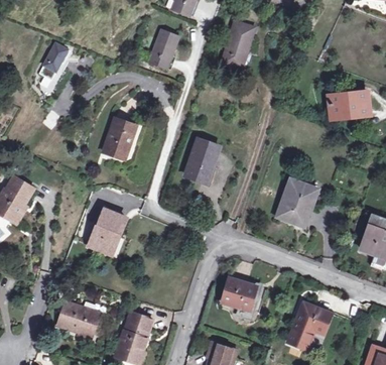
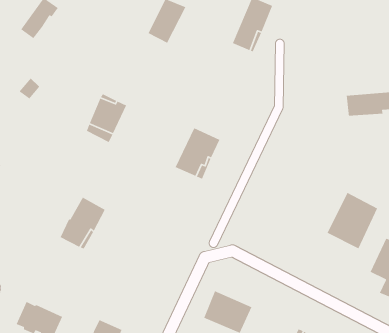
building: [275,180,317,229] -> [327,192,378,249]

